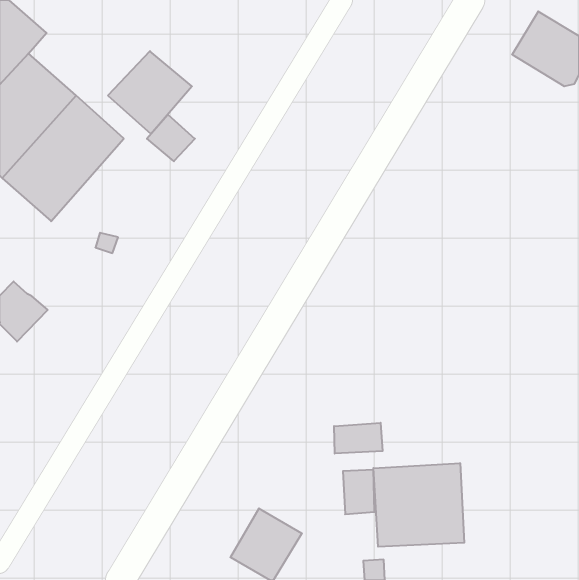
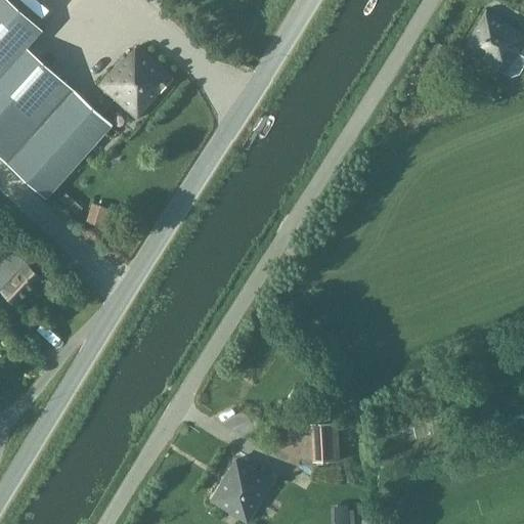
building: [147,115,195,161] -> none
building: [334,423,383,454] -> none
building: [373,463,464,547] -> none

